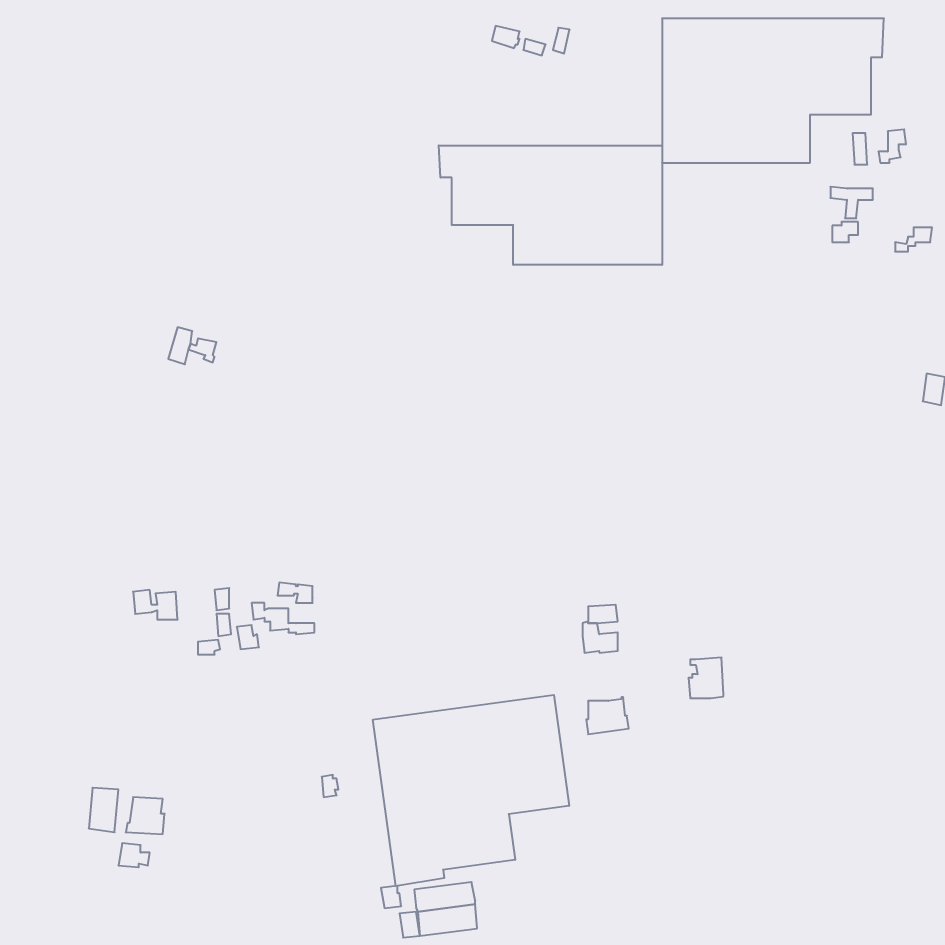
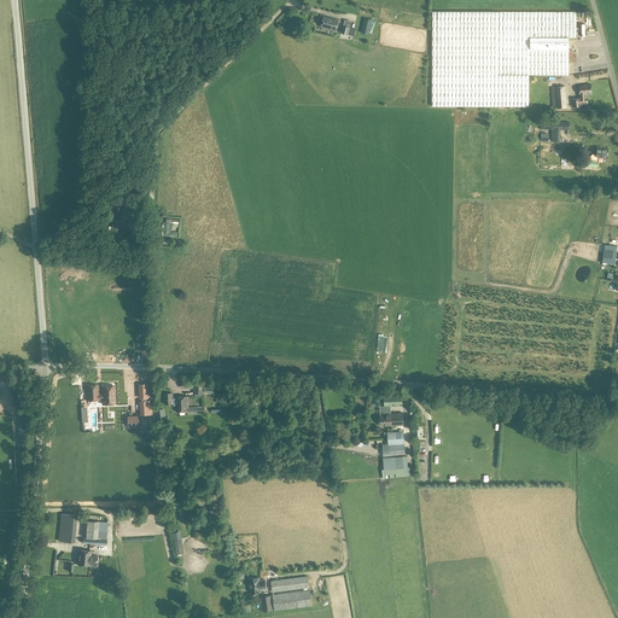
building: [439,145,662,265] -> none
building: [688,658,723,698] -> [383,431,406,457]
building: [373,695,569,886] -> none

